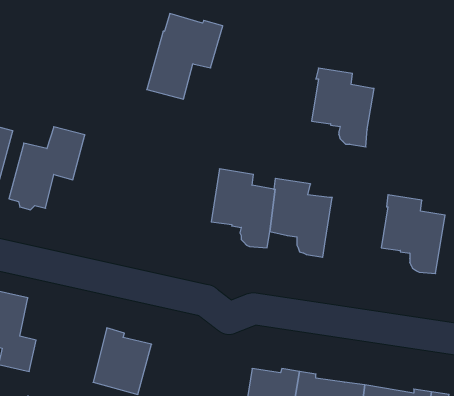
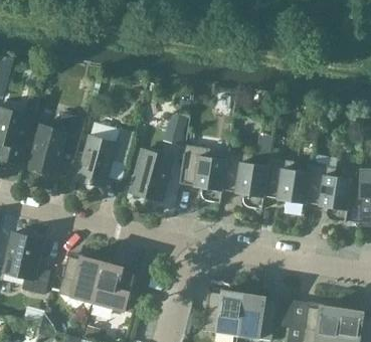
building: [147,14,223,99] -> [76,123,133,186]
building: [312,68,374,147] -> [262,157,309,215]
building: none -> [161,111,187,145]
building: none -> [128,151,172,199]
building: none -> [57,255,101,302]

